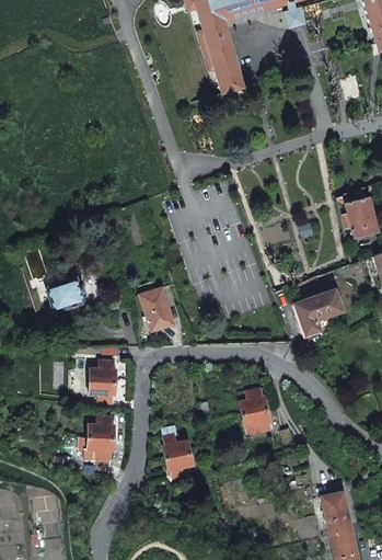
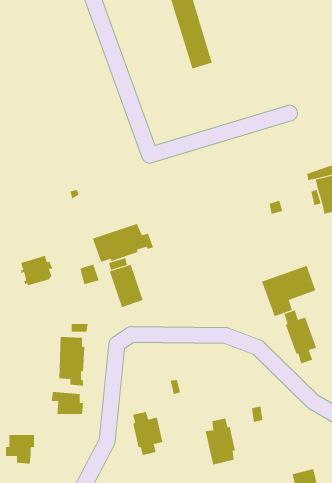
building: none -> [92,223,154,262]
building: none -> [284,309,317,364]
building: [240,388,270,435] -> [205,418,236,465]
building: [84,437,114,467] -> [5,434,35,464]

